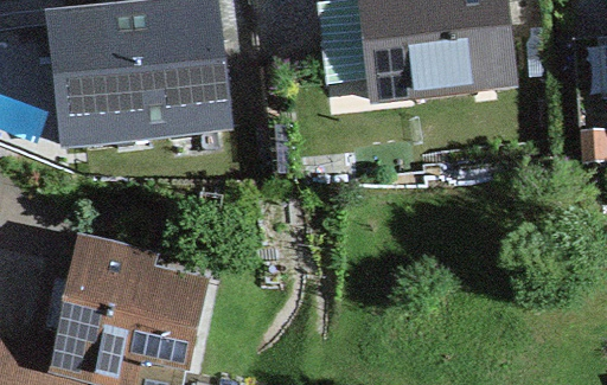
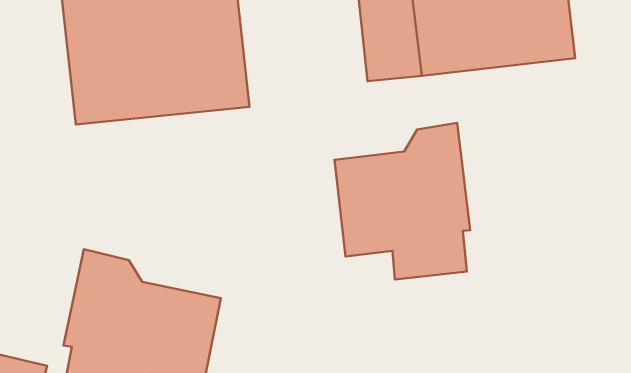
building: none -> [334,123,470,280]

